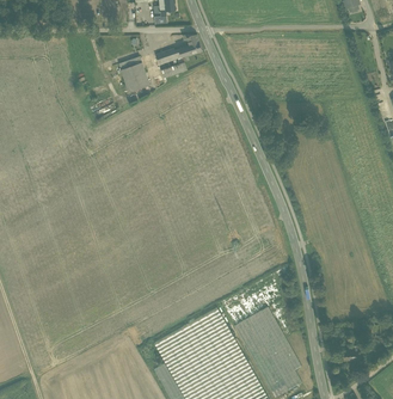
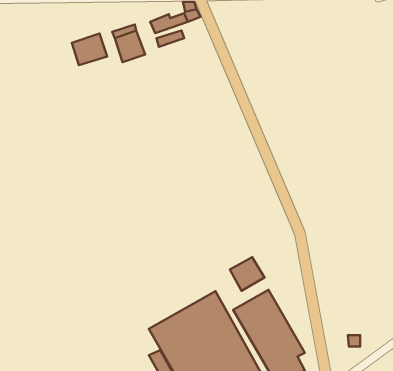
building: none -> [72,33,107,65]
building: none -> [230,257,265,291]

